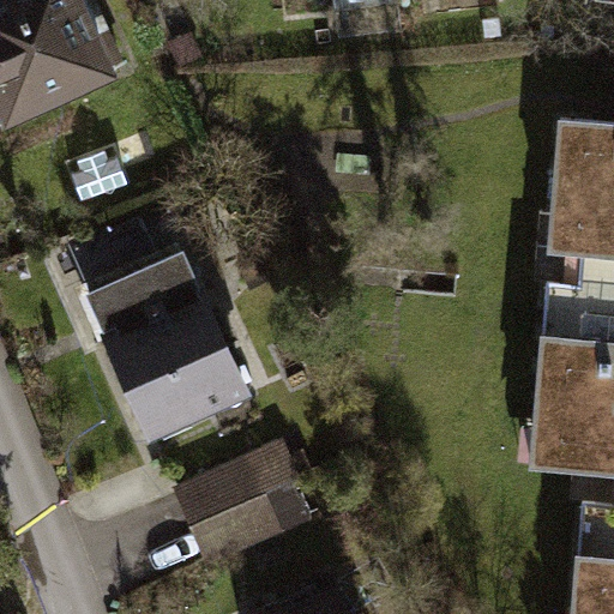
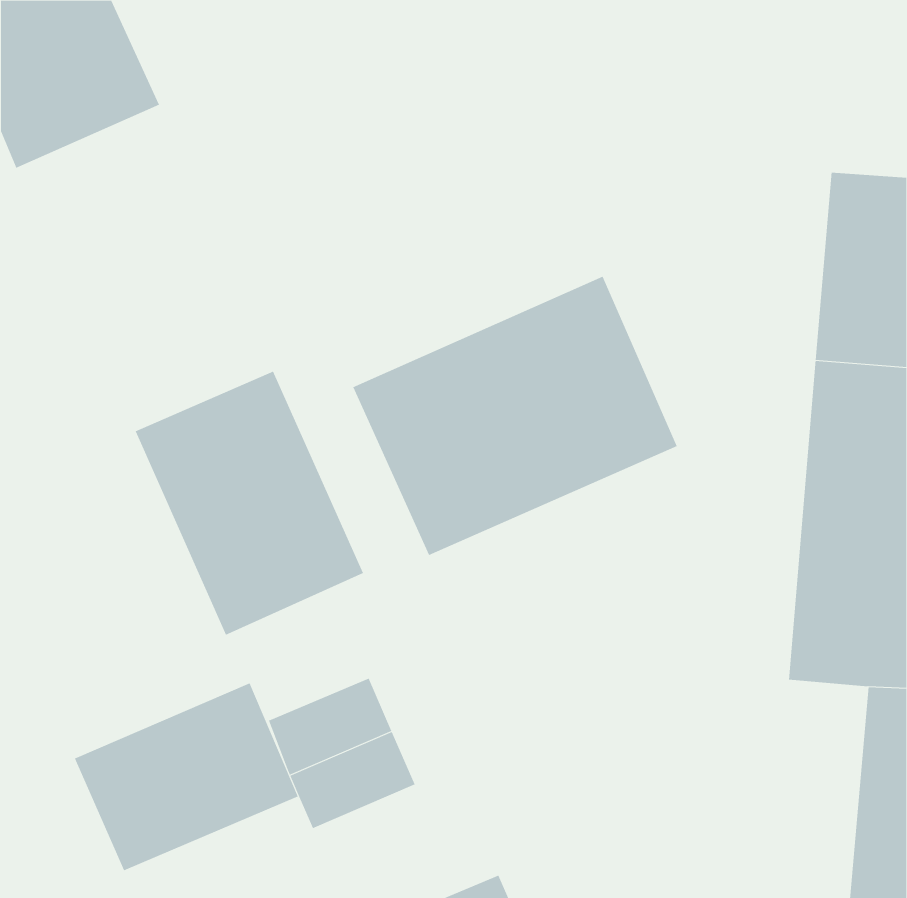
building: none -> [352,276,677,556]
building: none -> [74,683,298,871]

